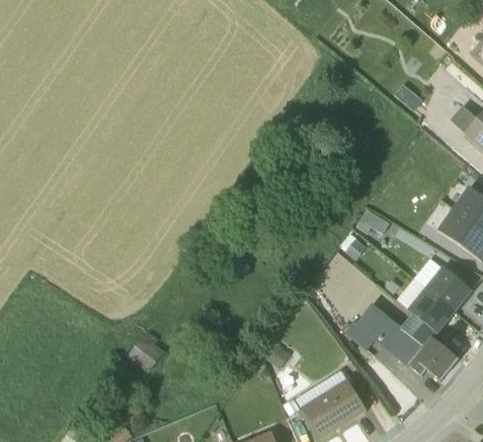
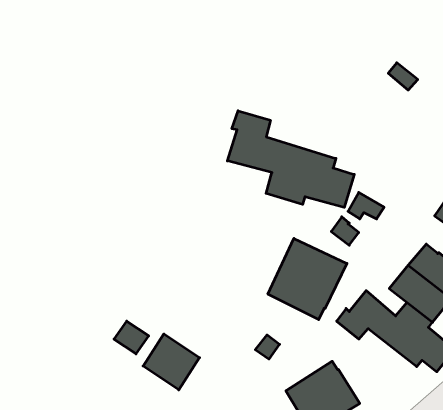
building: none -> [227,111,354,207]
building: none -> [268,238,347,320]
building: none -> [143,334,200,390]

